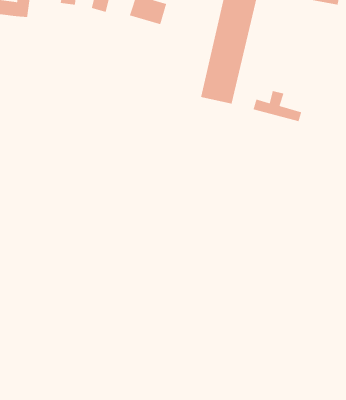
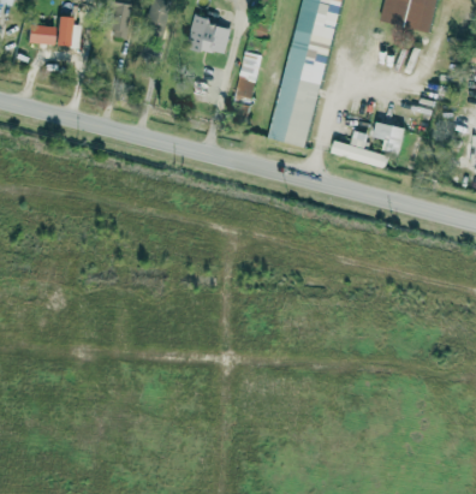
building: none -> [233,52,262,105]
building: none -> [373,123,404,154]

